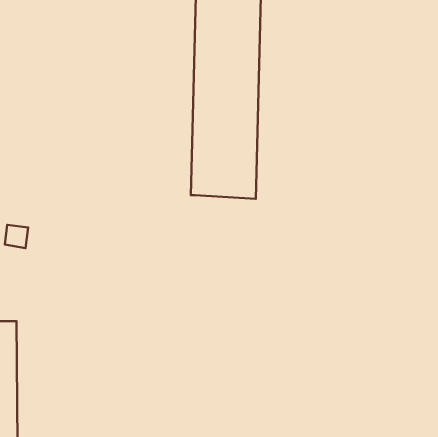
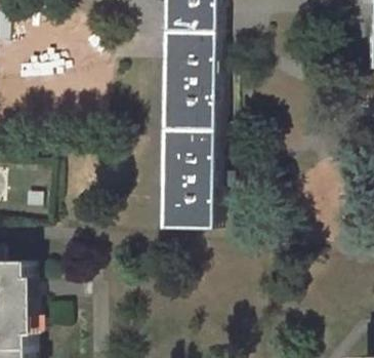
building: none -> [162,165,216,229]

